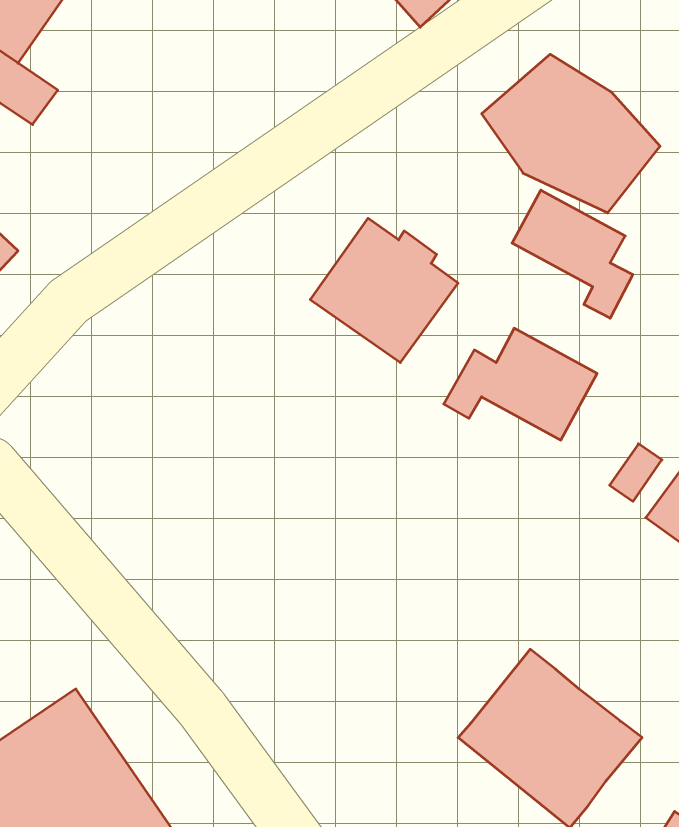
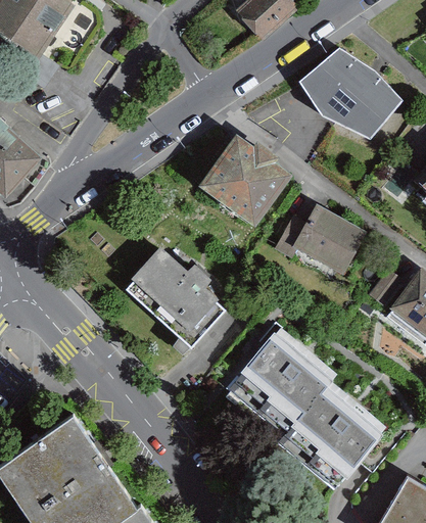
building: [512,190,633,318] -> none
building: none -> [124,245,225,355]
building: none -> [228,327,332,428]

